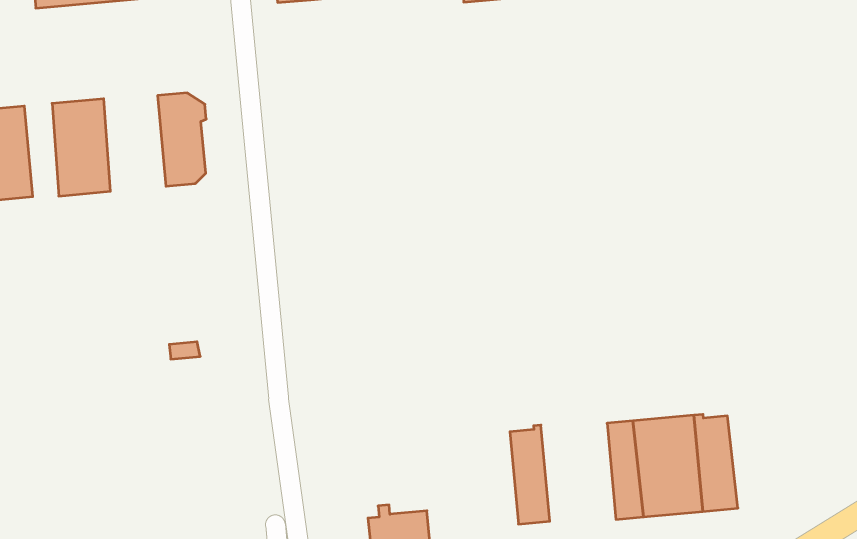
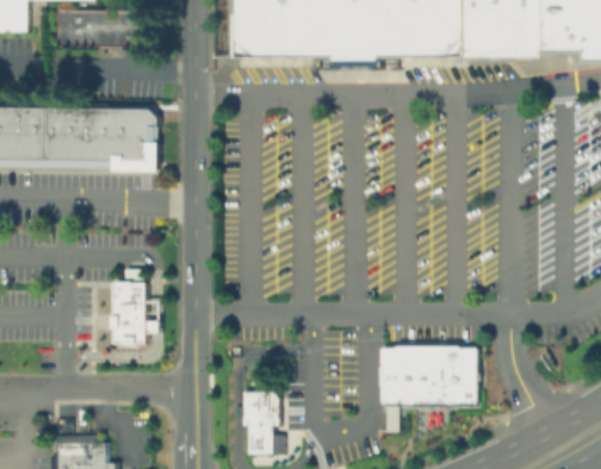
building: none -> [95,106,131,166]
building: none -> [45,106,63,166]
building: none -> [113,280,162,341]
building: [510,425,550,524] -> [379,344,399,406]

